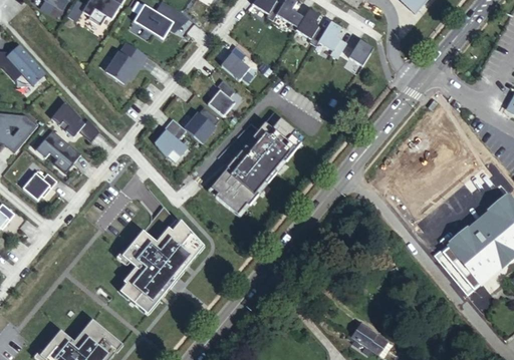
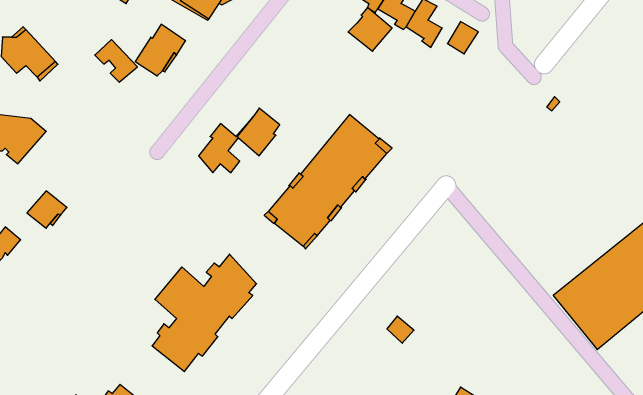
building: [220,45,254,79] -> [348,7,392,51]
building: [208,78,235,115] -> none
building: [54,103,87,136] -> [95,40,137,82]
building: [35,128,80,171] -> none

